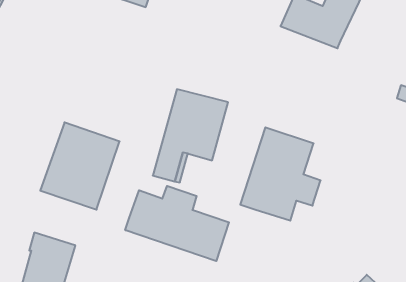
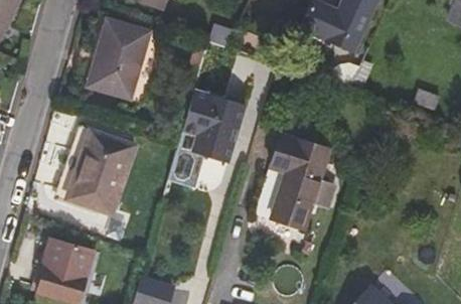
building: none -> [90,17,151,98]
building: [125,186,229,261] -> none

